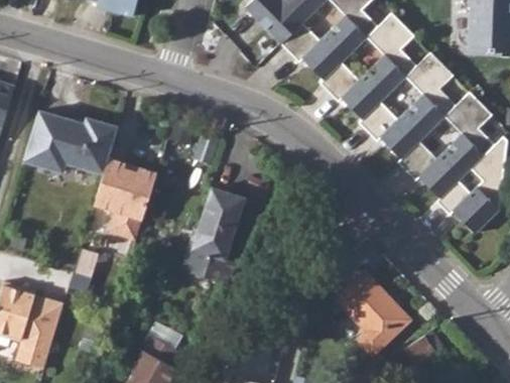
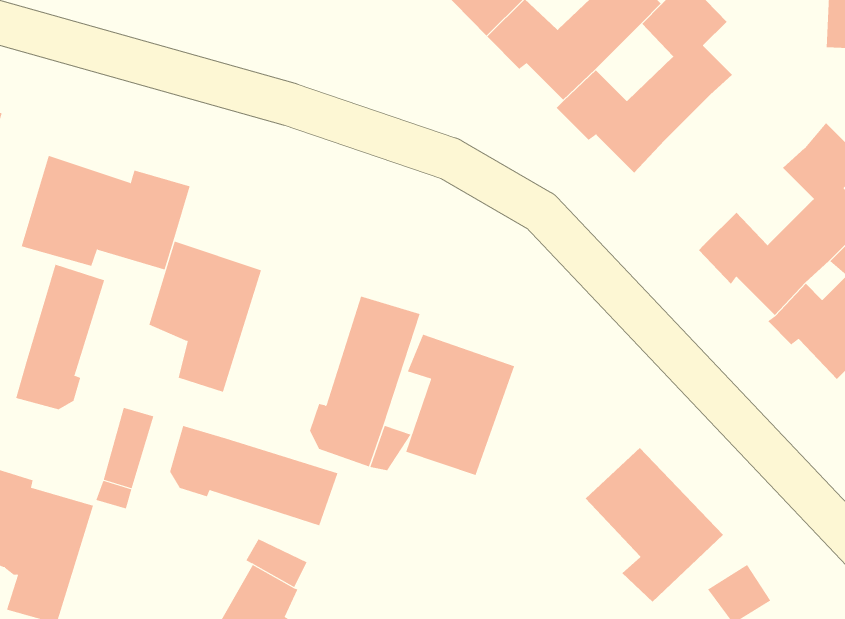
building: [359,52,457,159] -> none
building: none -> [16,264,105,410]
building: none -> [405,334,515,476]
building: none -> [170,425,338,526]

